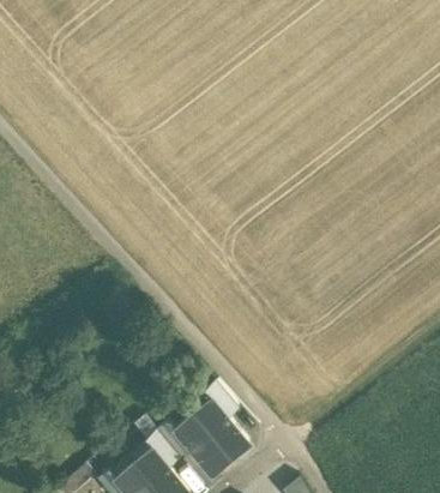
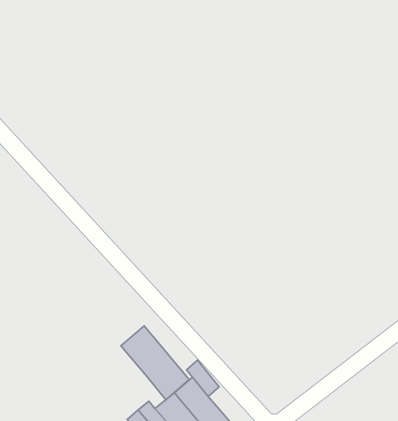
building: none -> [121,326,189,400]

